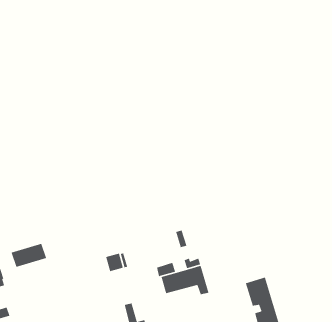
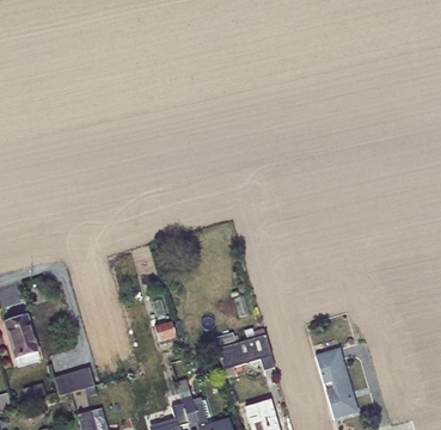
building: [11,243,47,268] -> [53,365,94,394]

